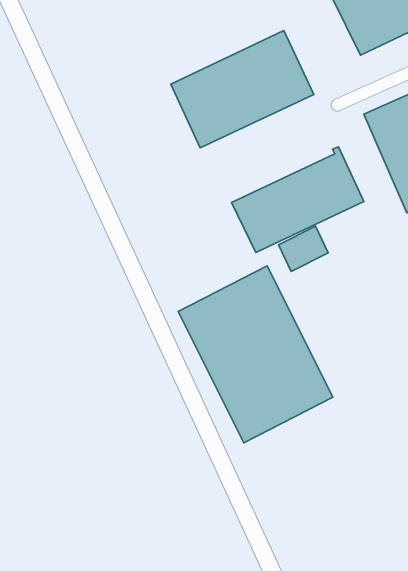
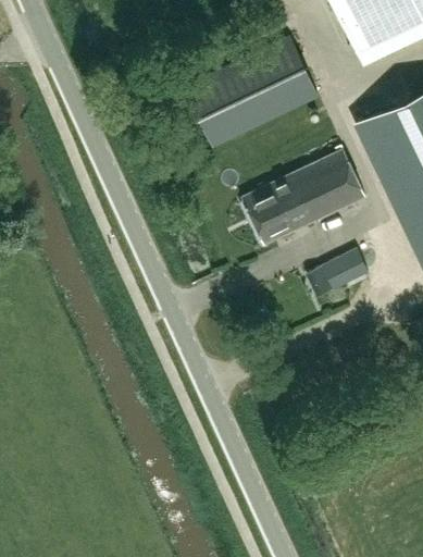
building: [278,226,328,271] -> [320,249,366,292]
building: [178,266,333,443] -> none

